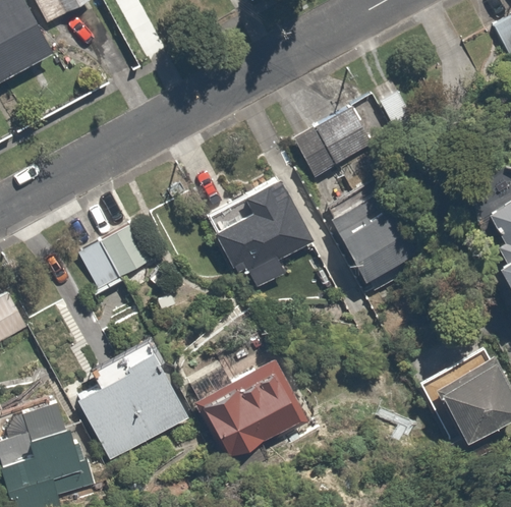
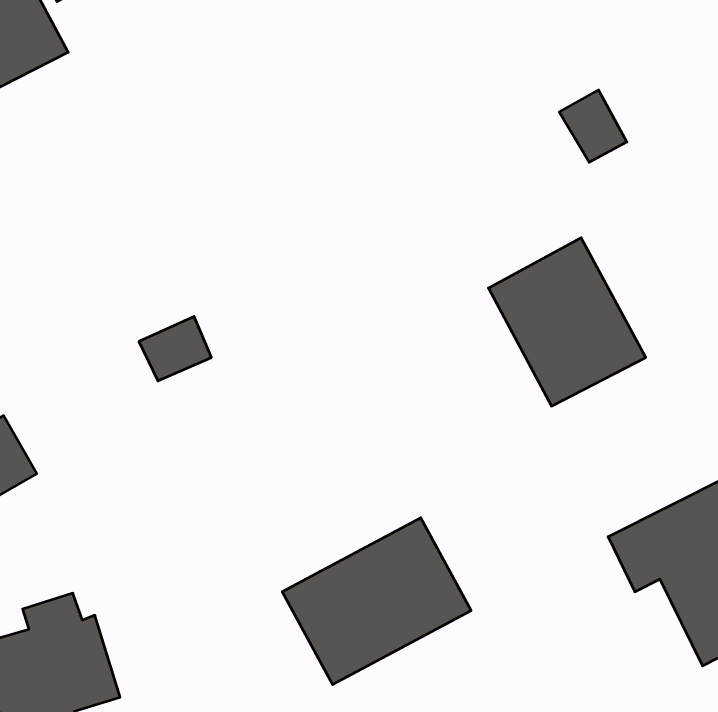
building: [291,106,374,178] -> none
building: [212,185,311,289] -> none
building: [76,337,188,461] -> none

